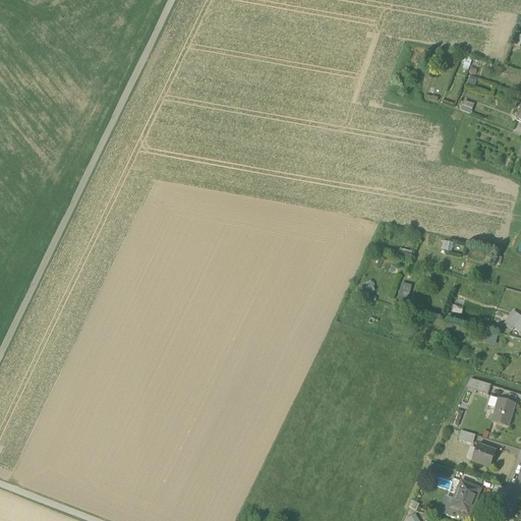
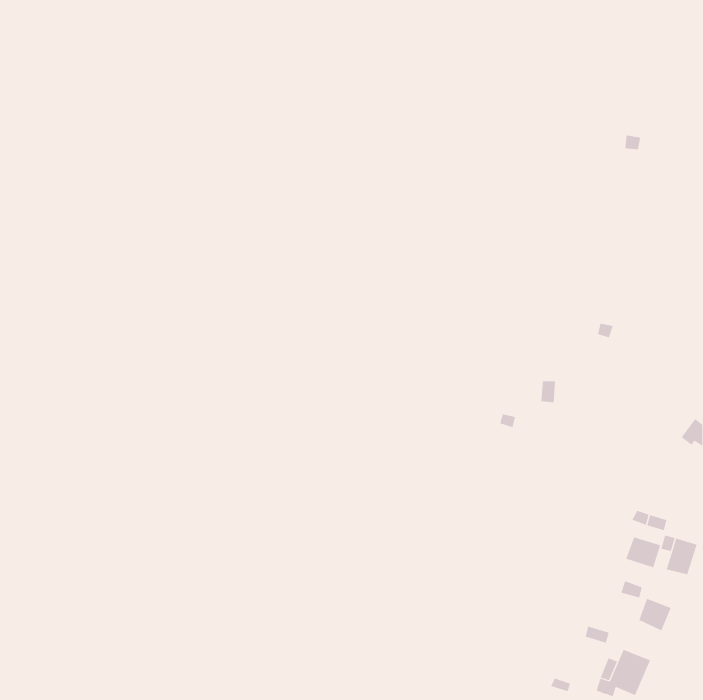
building: none -> [625,537,661,568]

